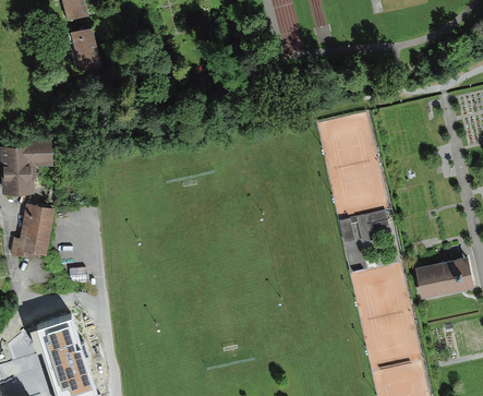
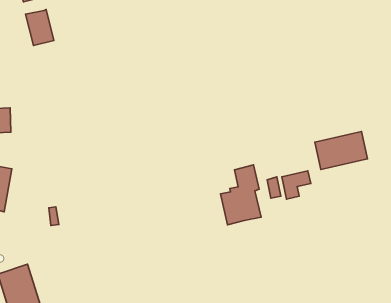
building: none -> [221,165,261,225]
building: [414,254,473,297] -> [315,131,367,169]

